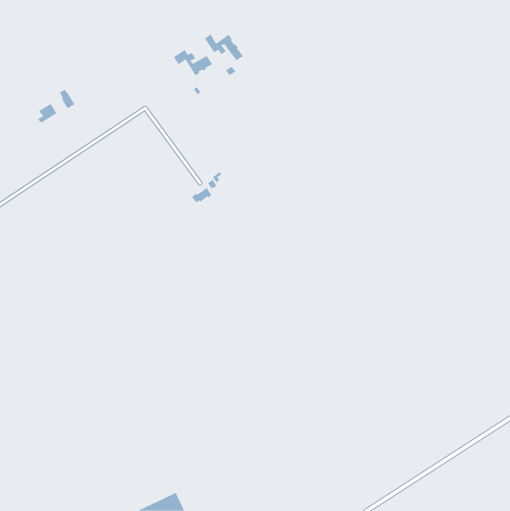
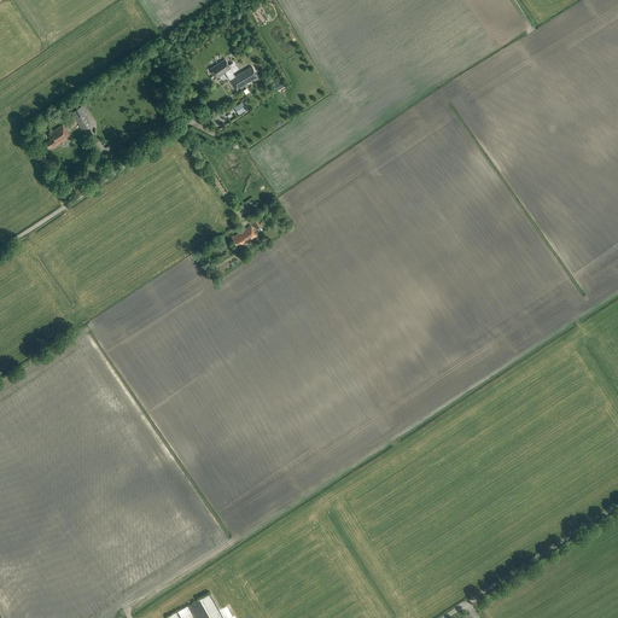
building: [204,34,244,61] -> none

